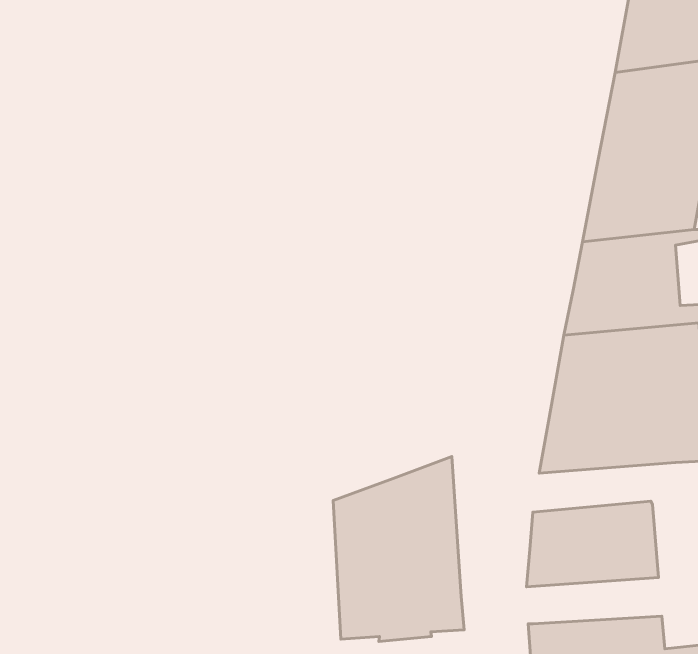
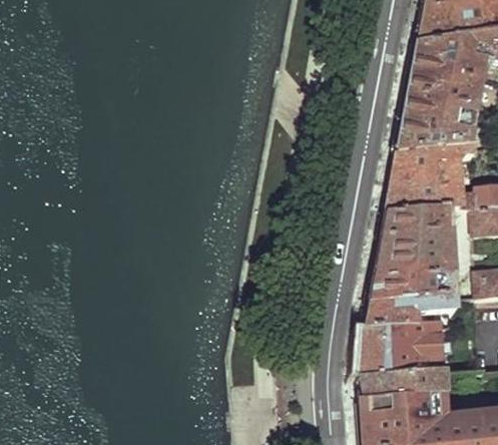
building: [333,456,464,641] -> none
building: none -> [363,301,456,333]
building: none -> [359,375,446,405]

